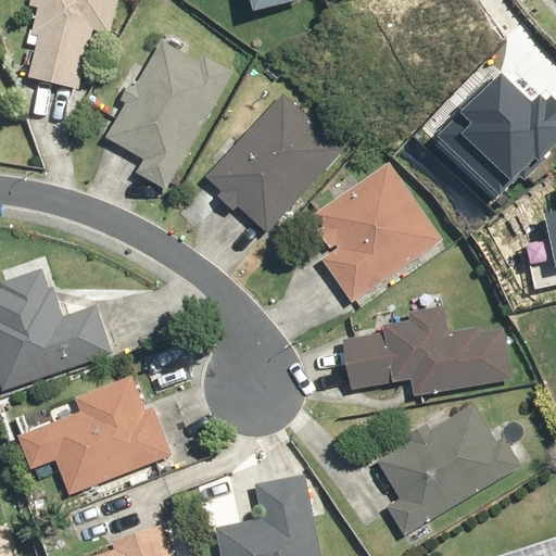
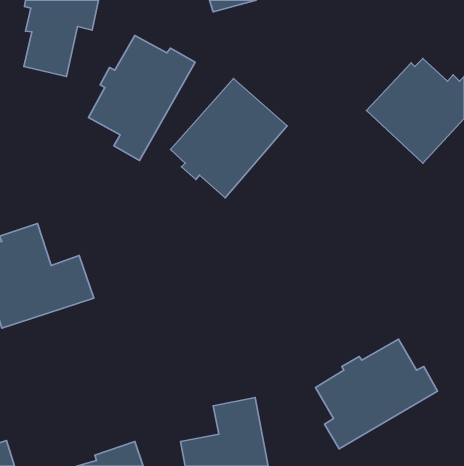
building: [314,164,442,304] -> none
building: [340,307,511,394] -> none
building: [17,376,172,495] -> none

